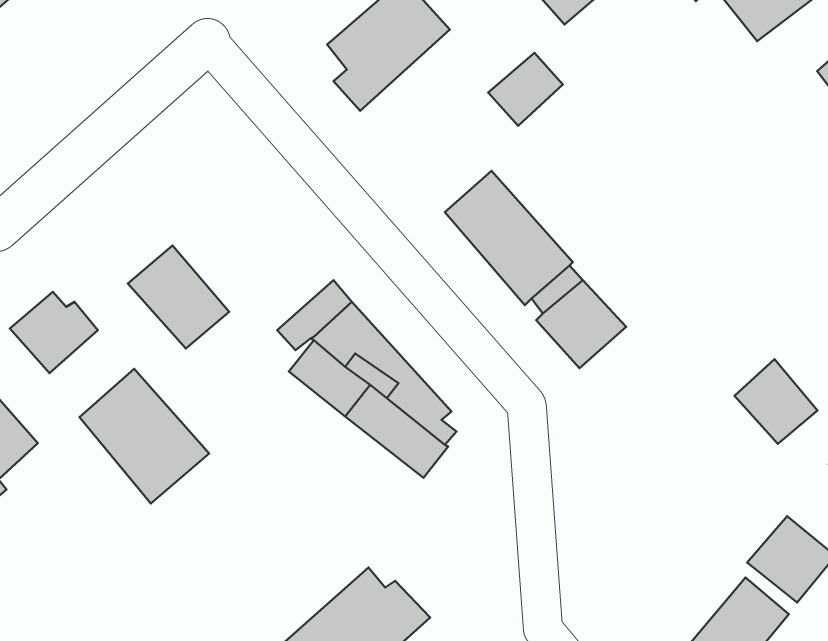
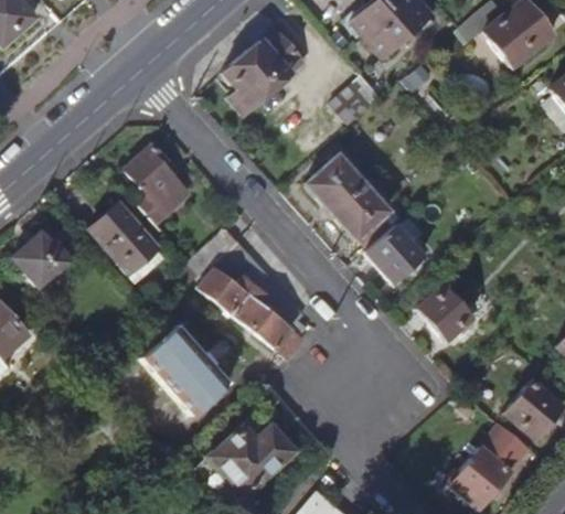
building: none -> [125,142,193,224]
building: [735,359,818,444] -> [417,286,472,342]
building: [80,369,209,503] -> [143,325,230,415]

